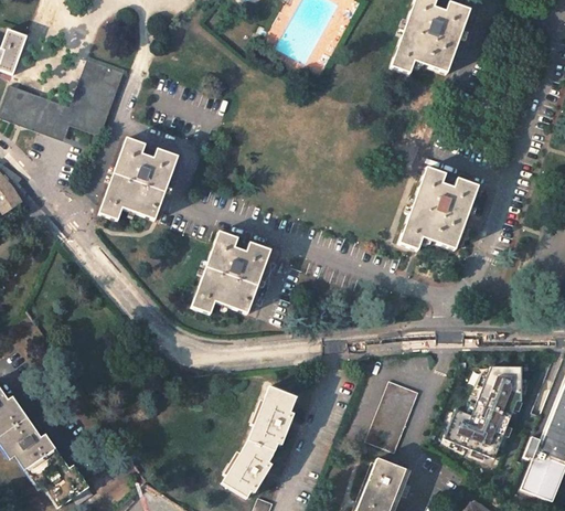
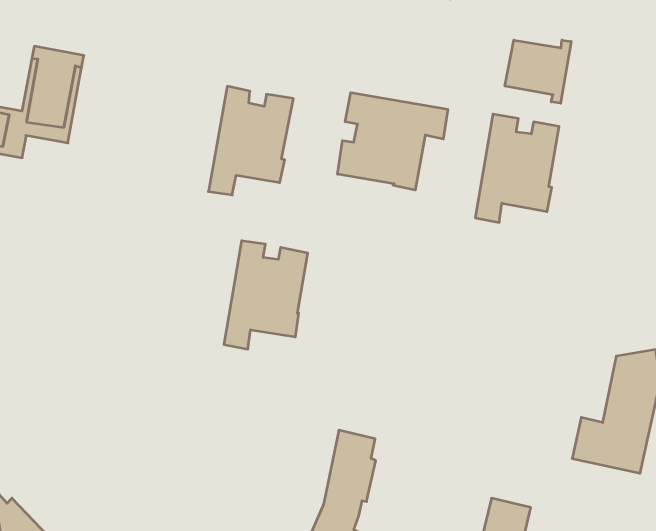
building: none -> [505,40,571,103]
building: none -> [338,93,448,190]
building: [100,138,177,221] -> [208,86,293,195]
building: [365,381,417,453] -> none

